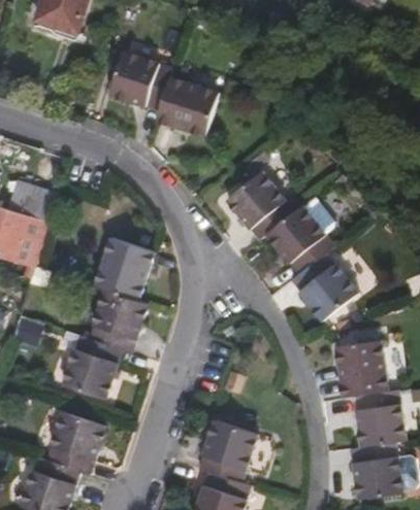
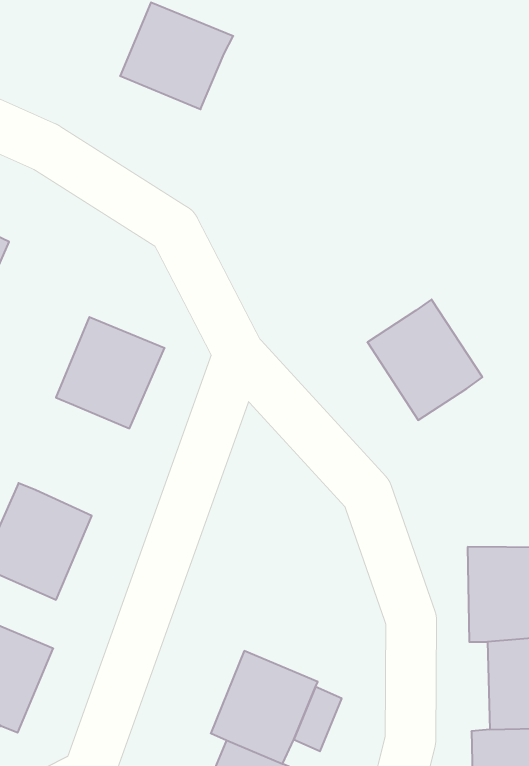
building: [156,77,221,137] -> none
building: [225,172,292,240] -> none
building: [290,253,357,322] -> none
building: [87,284,147,349] -> none

